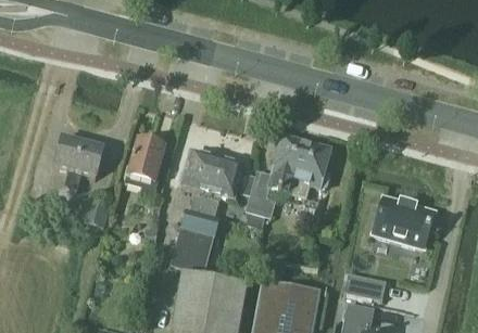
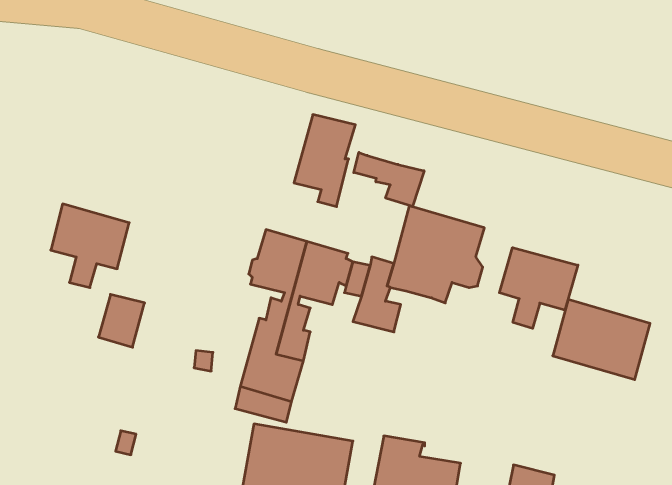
building: none -> [354,152,424,207]
building: [125,140,164,198] -> [294,115,355,207]
building: none -> [499,248,578,328]
building: [343,272,386,299] -> none

